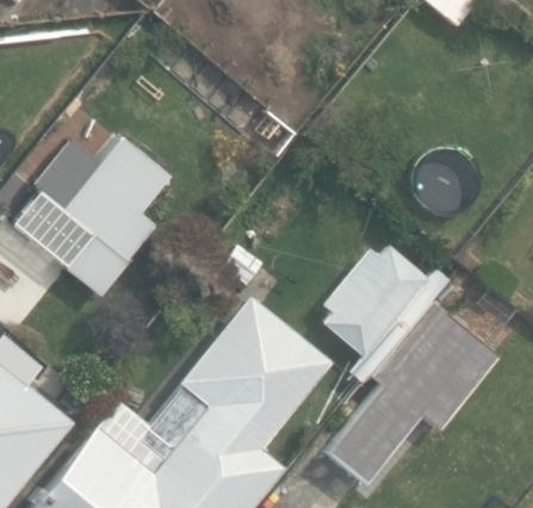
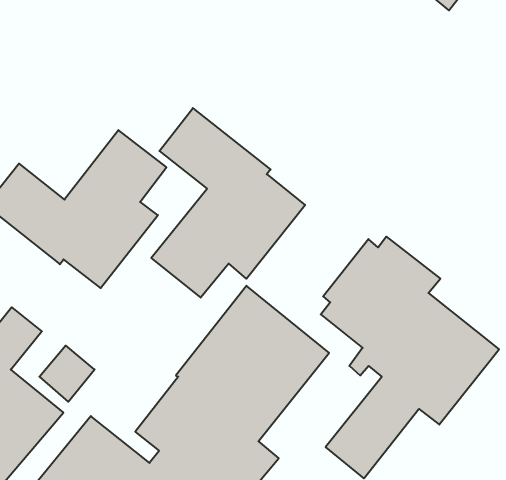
building: none -> [151,108,305,298]

